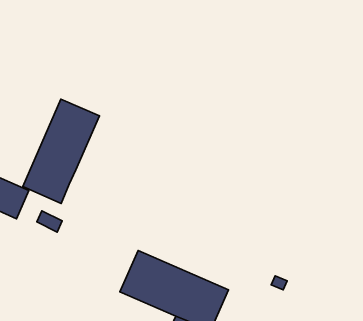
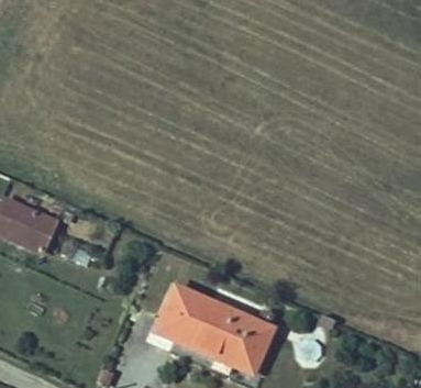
building: [23,99,99,203] -> none

